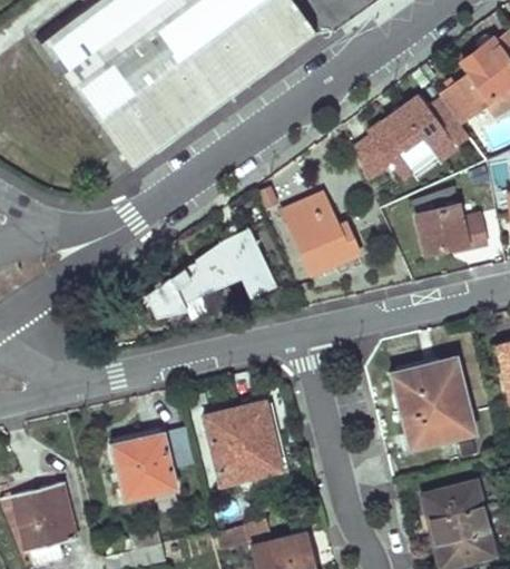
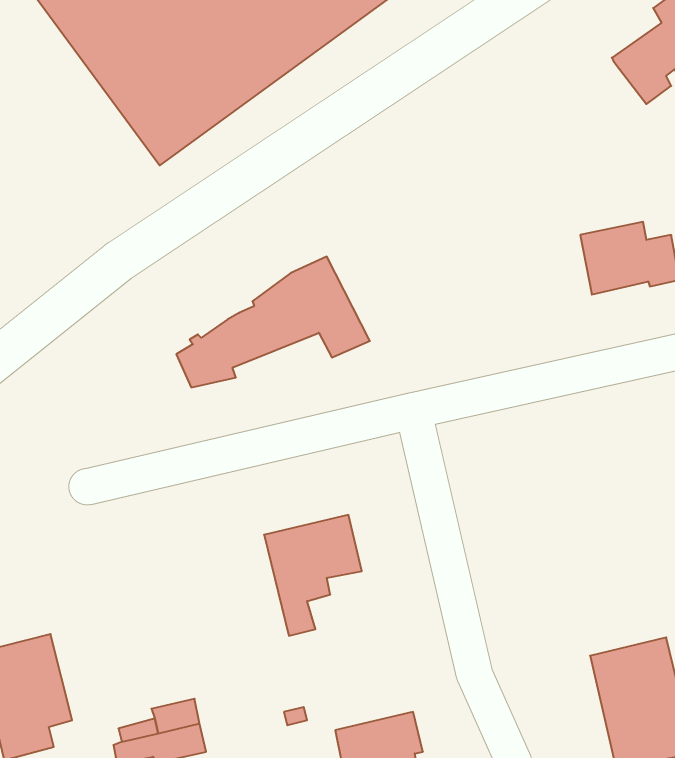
building: [355,95,462,178] -> none
building: [285,194,359,273] -> none
building: [392,359,471,448] -> none
building: [114,434,177,500] -> none
building: [235,439,279,478] -> none

